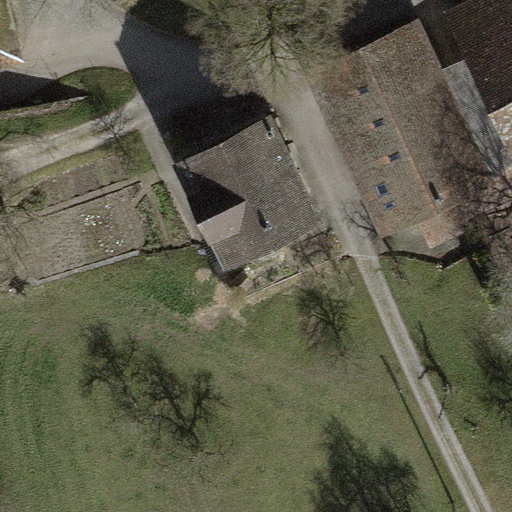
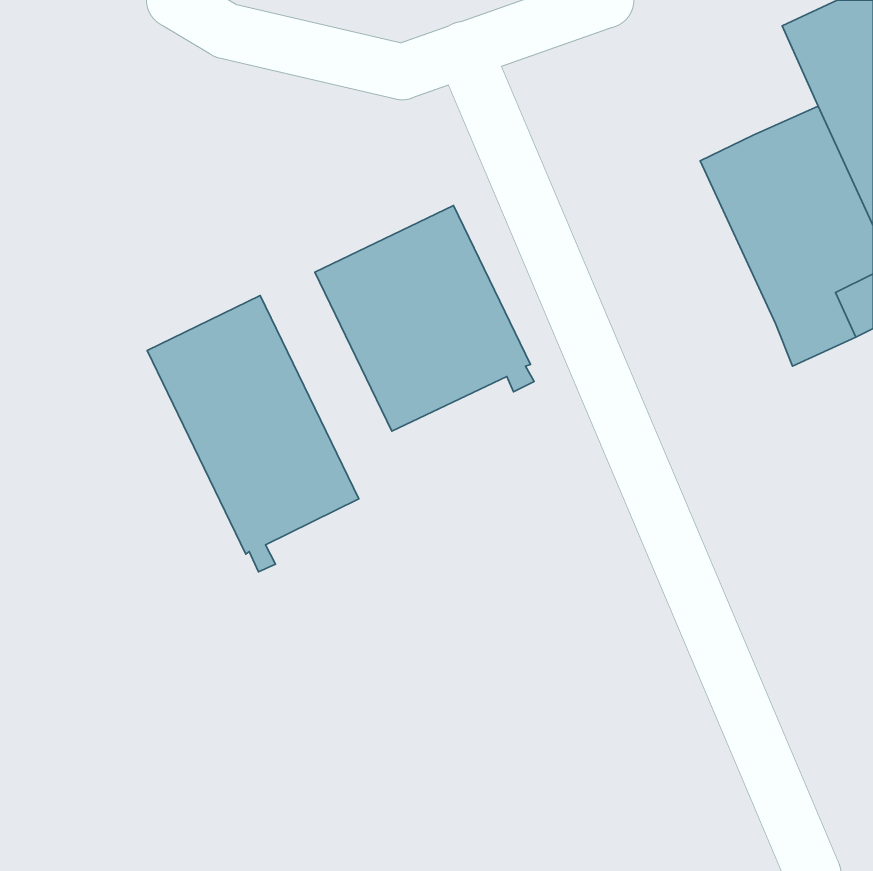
building: [316,27,453,222] -> none
building: none -> [147,296,359,572]

